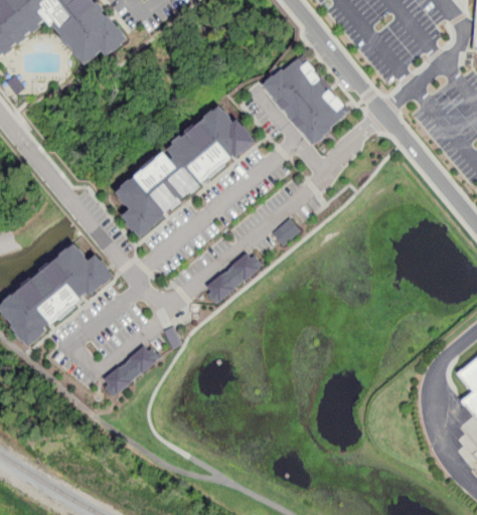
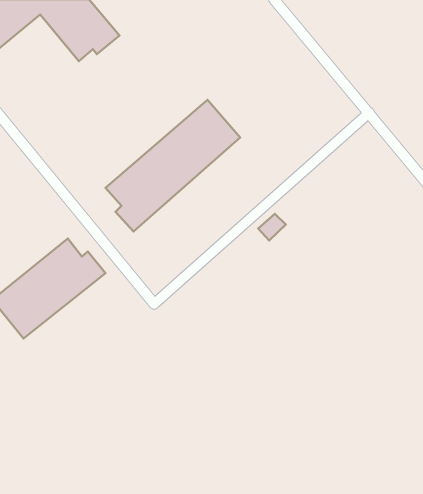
building: [265,56,345,142] -> none
building: [201,251,259,304] -> none
building: [100,343,157,396] -> none

